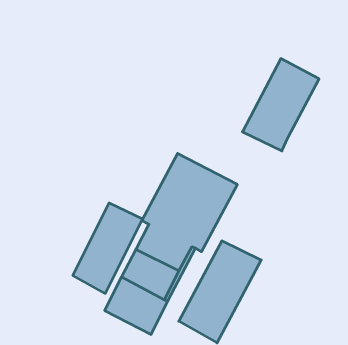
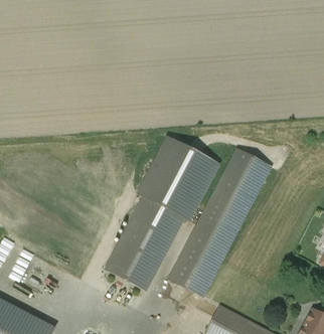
building: [242,59,319,151] -> [204,150,269,227]
building: [73,203,143,293] -> none

